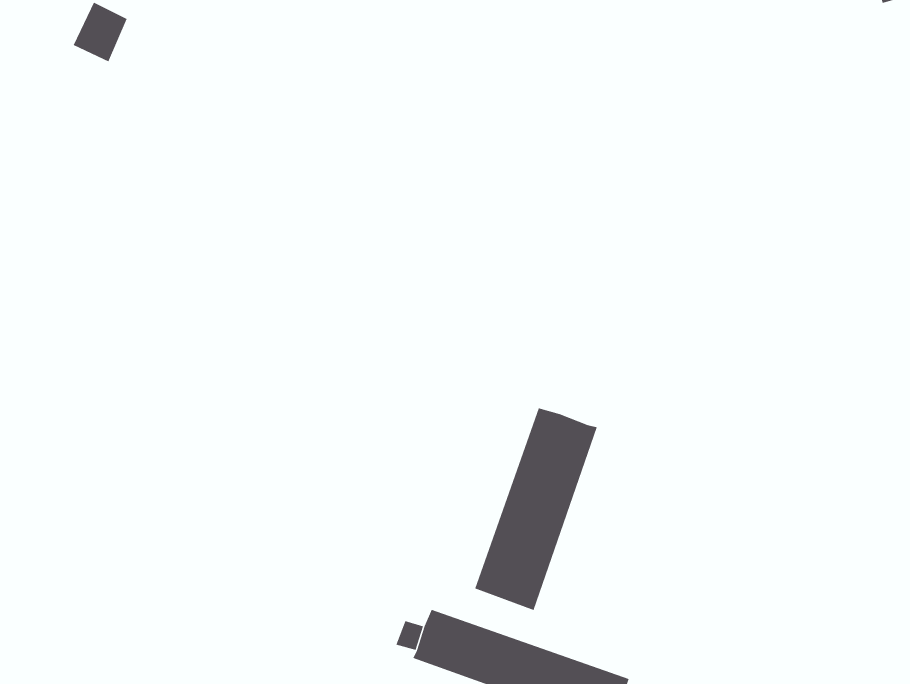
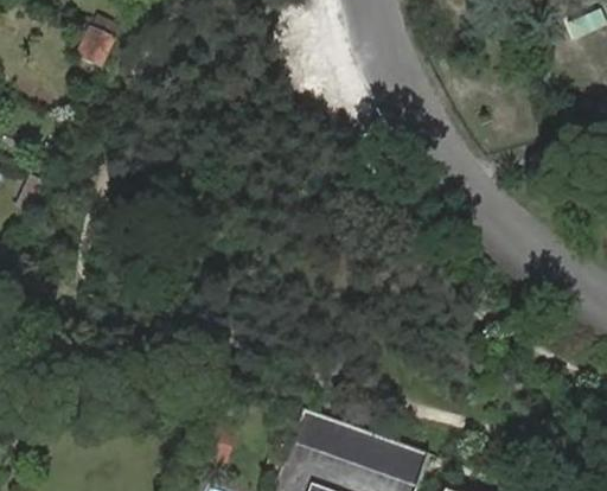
building: [474,407,598,611] -> none

